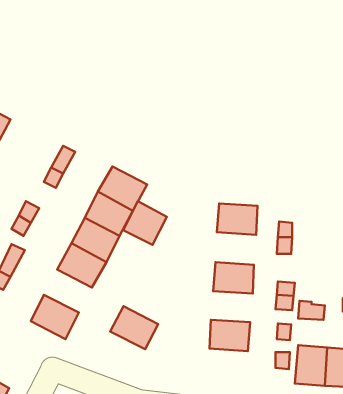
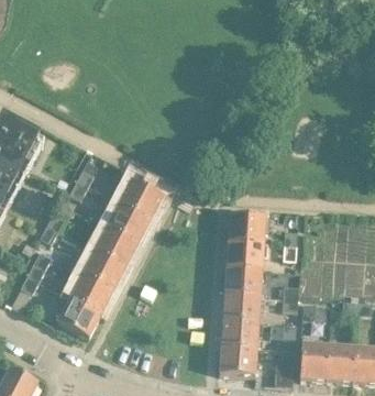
building: [123,201,167,245] -> none
building: none -> [227,239,264,268]
building: none -> [222,293,261,321]
building: [110,306,158,349] -> [69,273,113,312]
building: none -> [219,345,256,374]

